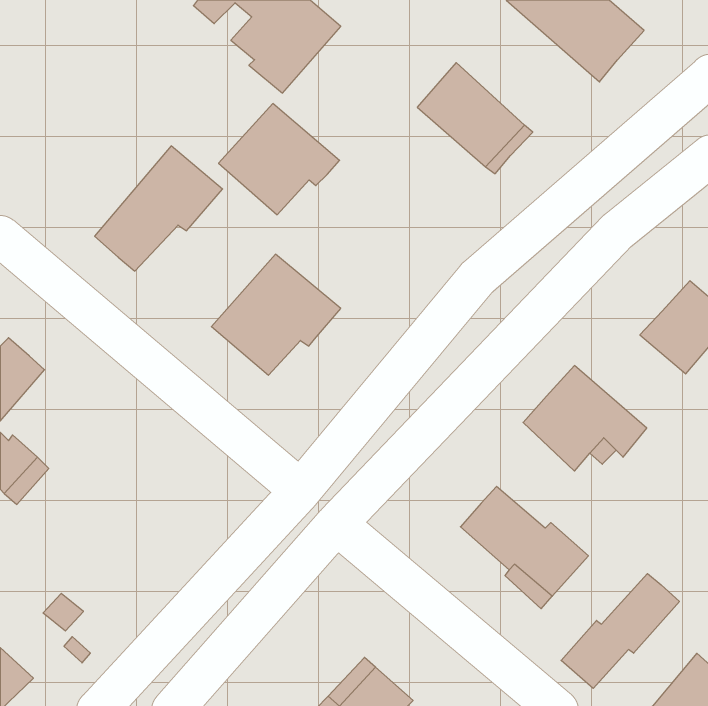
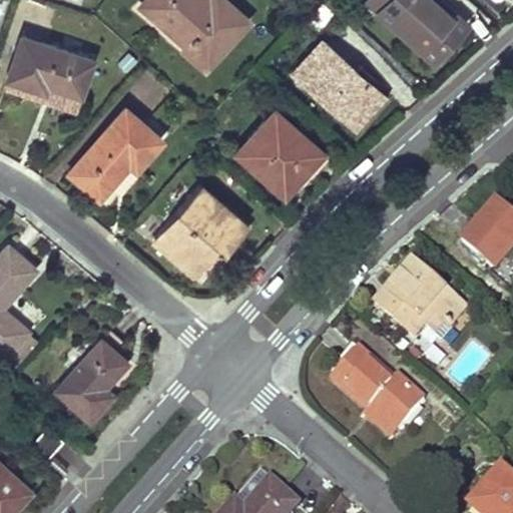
building: none -> [7,38,91,97]
building: [219,104,340,215] -> [235,110,323,190]
building: none -> [55,333,124,421]
building: [561,574,679,688] -> none

